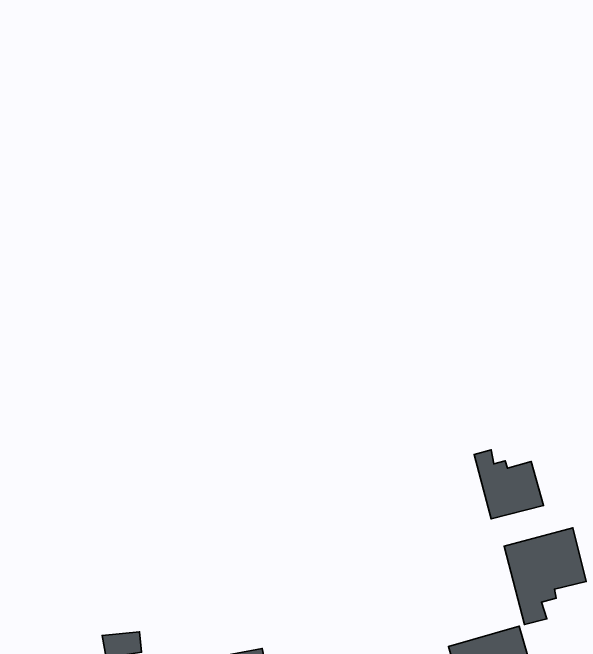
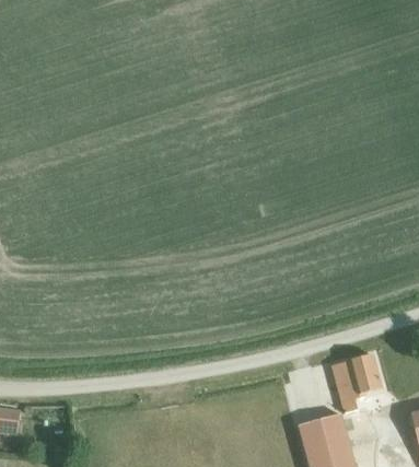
building: [474,450,544,519] -> none

